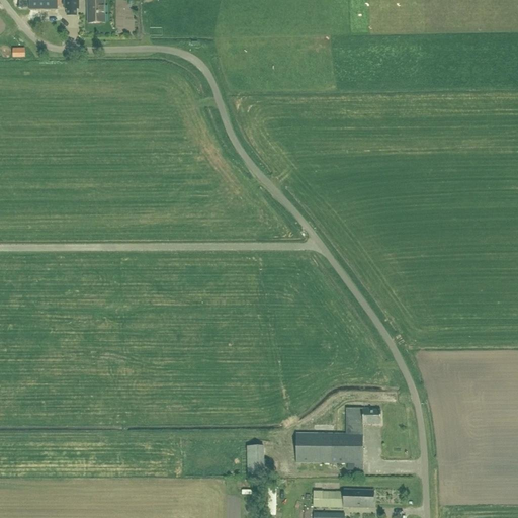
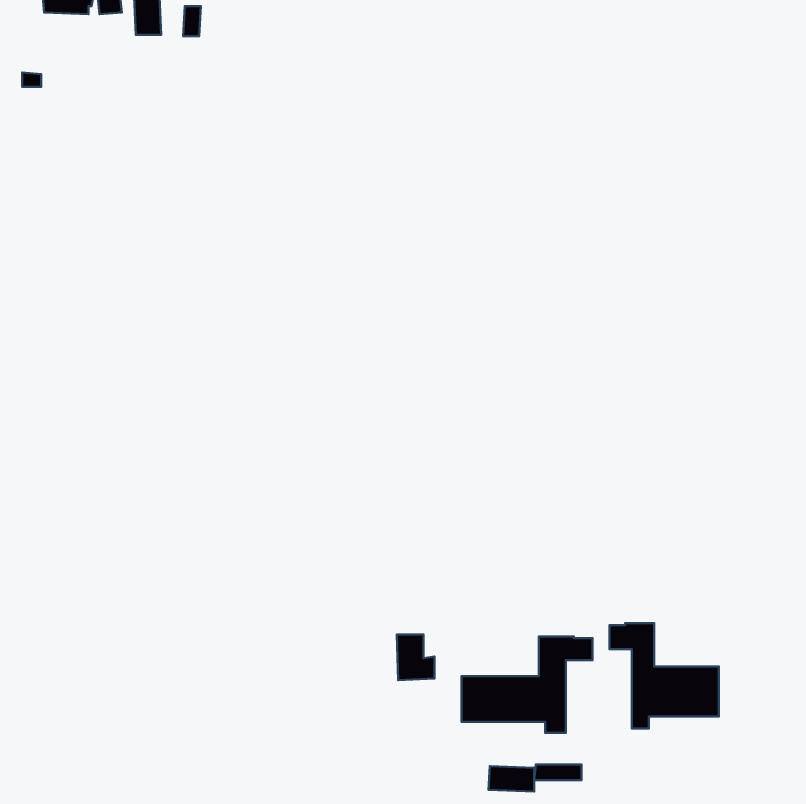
building: none -> [609,623,719,728]
building: [245,445,269,474] -> [397,634,435,680]

